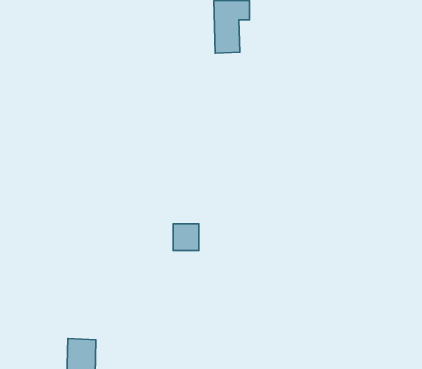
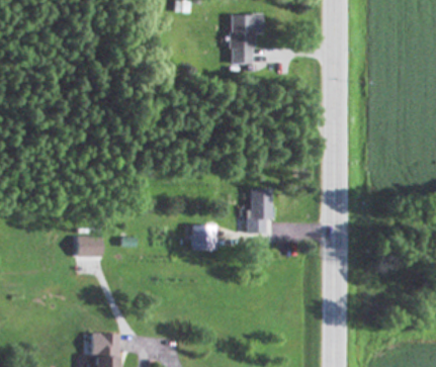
building: none -> [248,188,271,233]
building: none -> [78,236,103,257]

